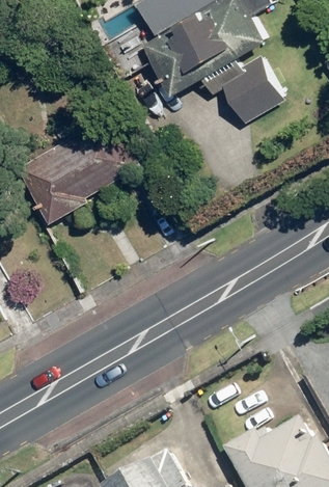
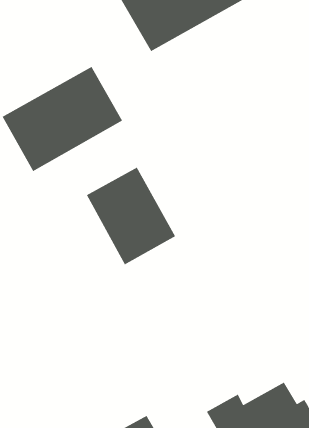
building: [220,65,279,123] -> none
building: none -> [86,167,176,266]

